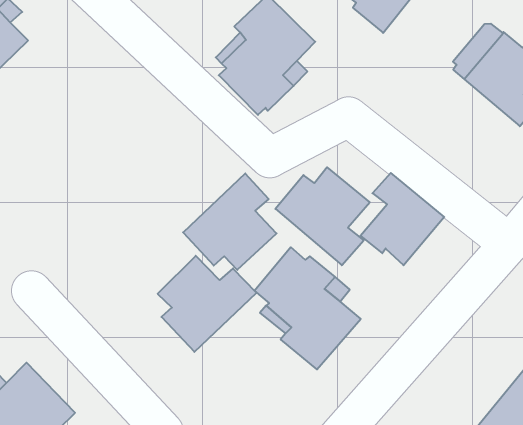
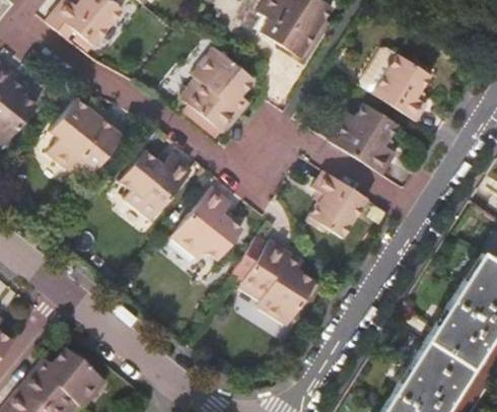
building: none -> [48,97,127,171]
building: [275,167,370,265] -> [329,104,400,177]
building: [158,256,257,352] -> [119,147,194,220]

